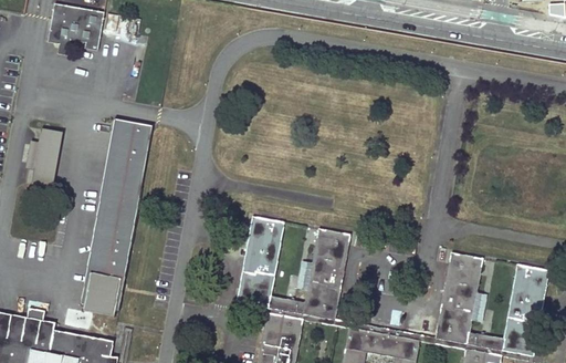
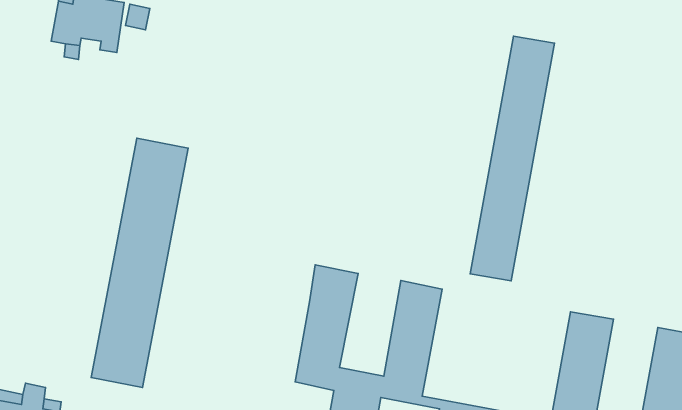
building: none -> [470,36,554,281]
building: [23,128,64,186] -> none

